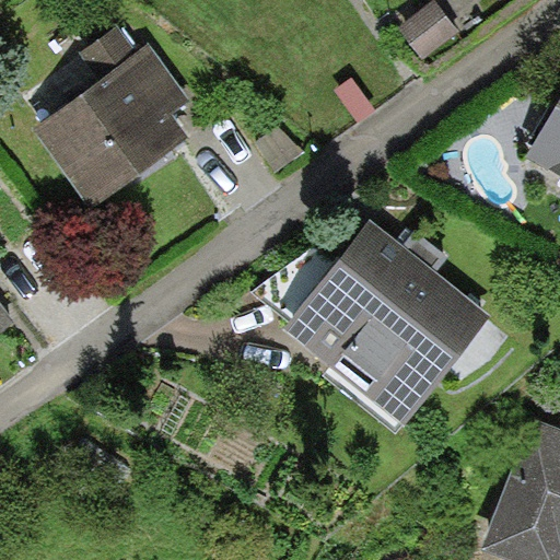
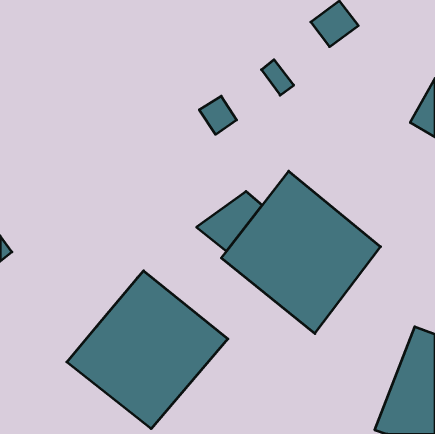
building: [35,26,191,210] -> none
building: none -> [67,271,228,429]

